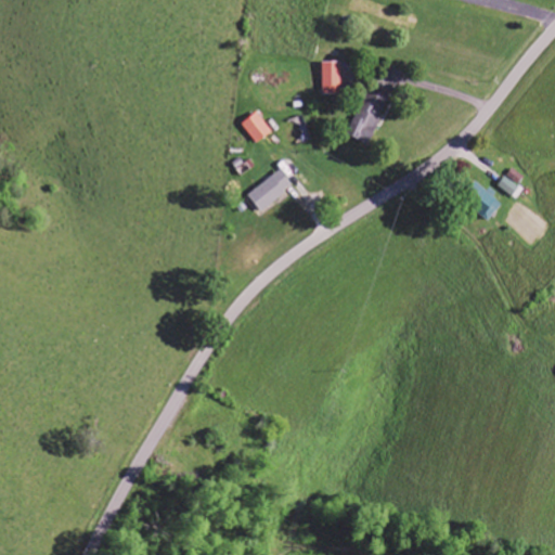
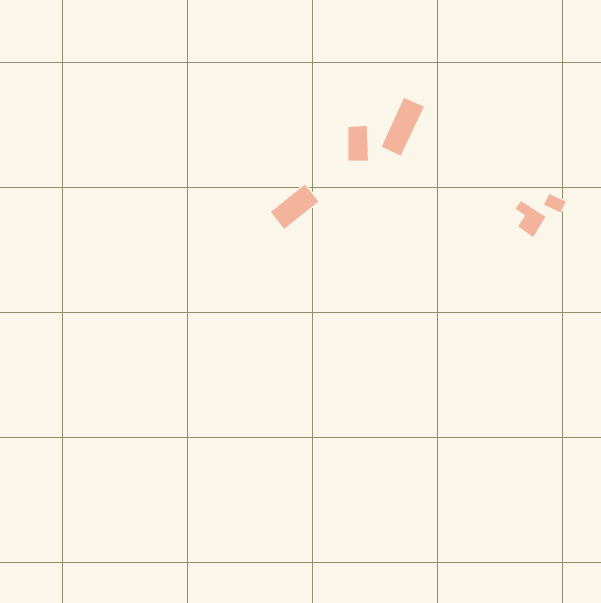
building: [321,61,340,93] -> [347,126,369,161]
building: [242,112,270,142] -> none

